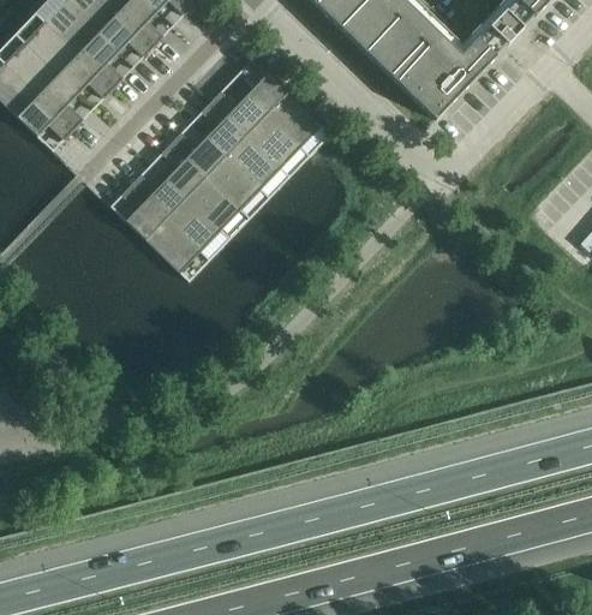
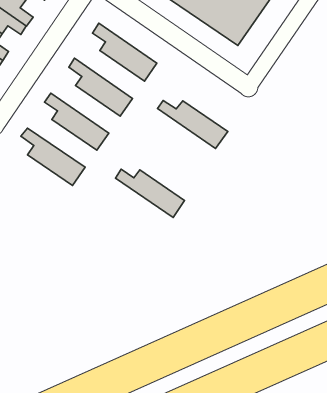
building: [211,88,301,165] -> [157,100,228,149]
building: [172,129,261,207] -> none
building: [132,171,221,247] -> [115,169,185,217]

